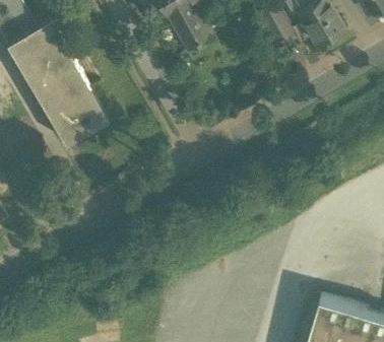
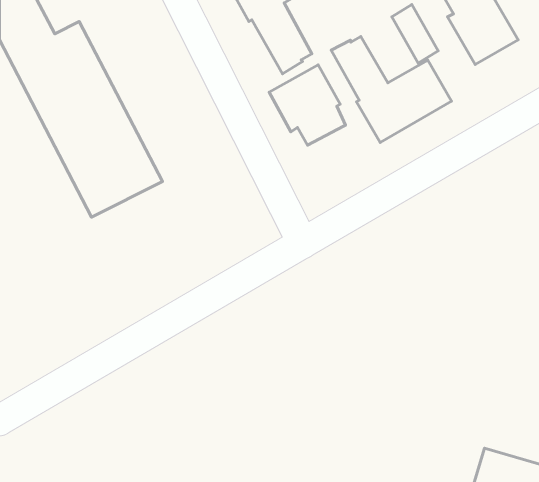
building: none -> [331,37,452,143]
building: none -> [269,65,346,145]

